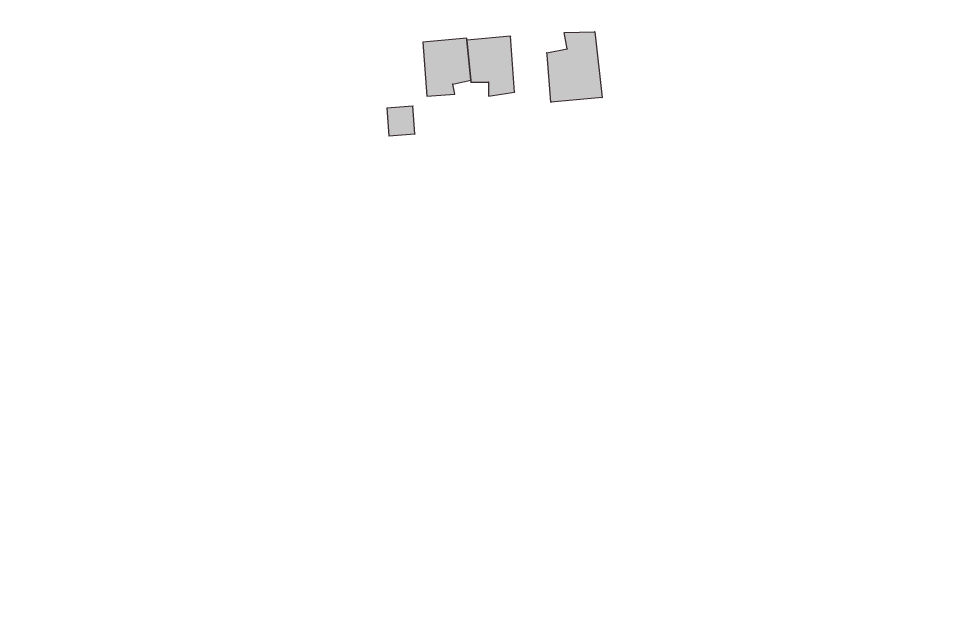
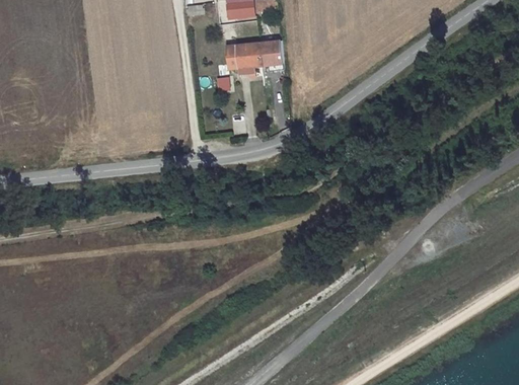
building: [547,32,602,102] -> none

